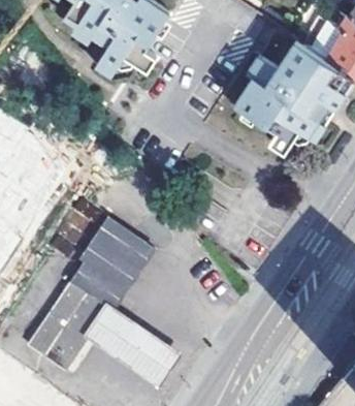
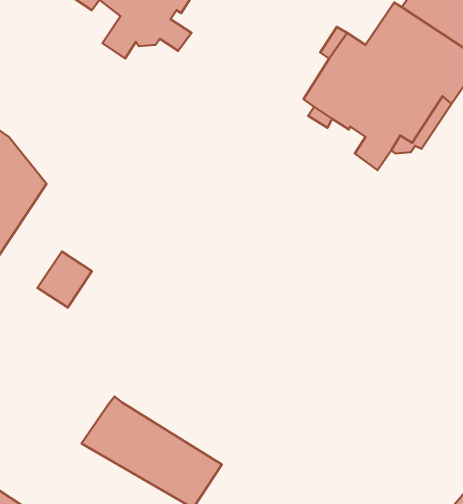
building: [32,220,152,364] -> none

